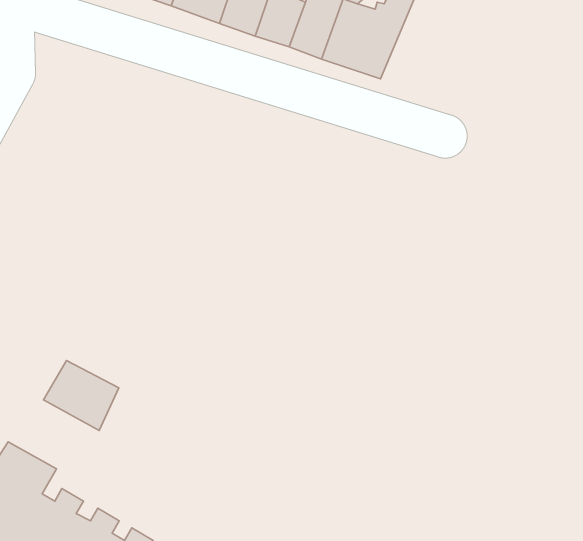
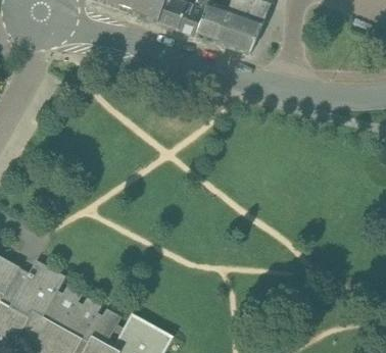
building: [44,361,119,431] -> none

